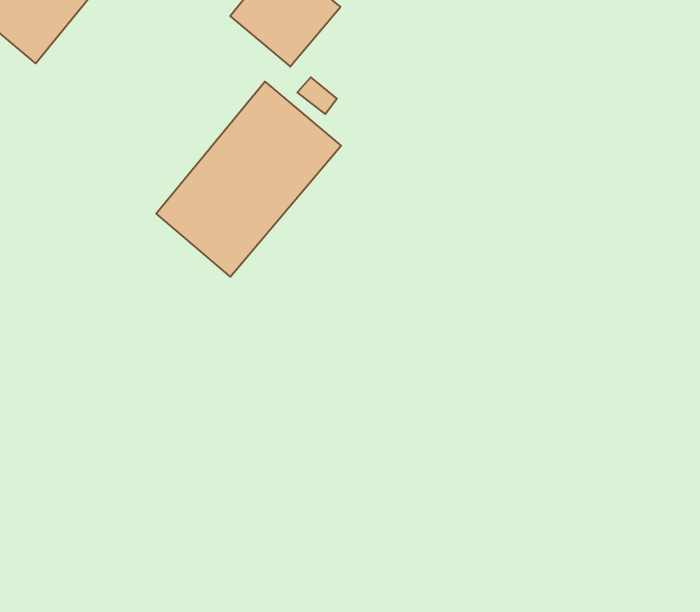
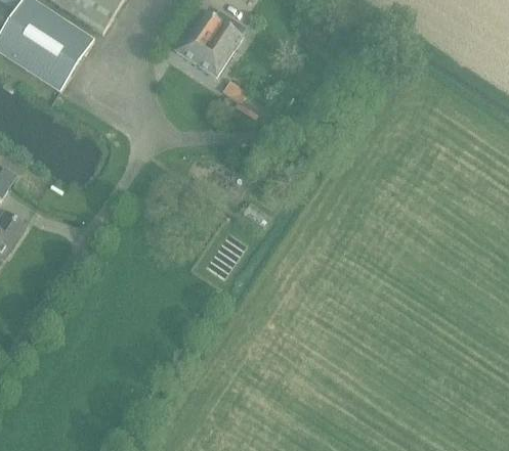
building: [156,82,341,277] -> none

